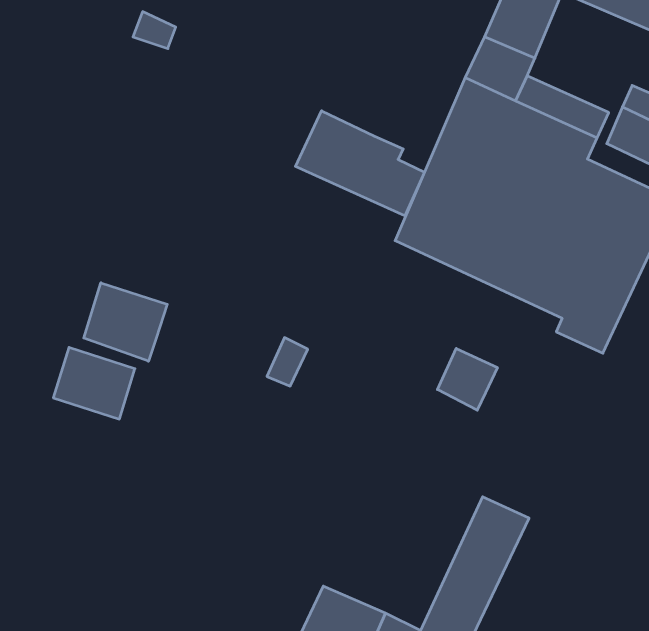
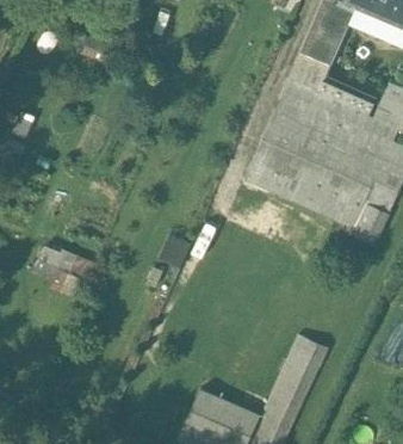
building: [295,111,424,216] -> none
building: [84,283,167,361] -> none
building: [437,348,497,410] -> none

